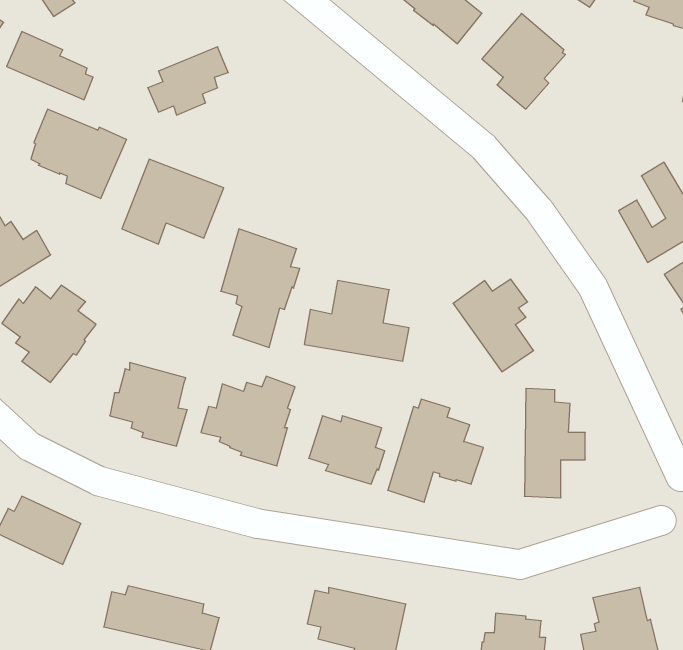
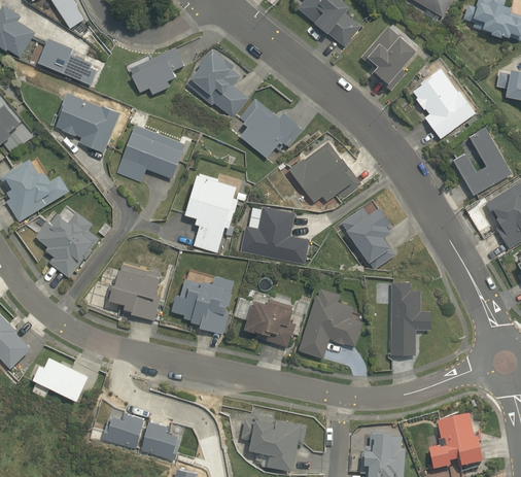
building: none -> [185,49,248,118]
building: none -> [412,69,475,140]
building: none -> [239,99,302,158]
building: none -> [288,142,361,203]

